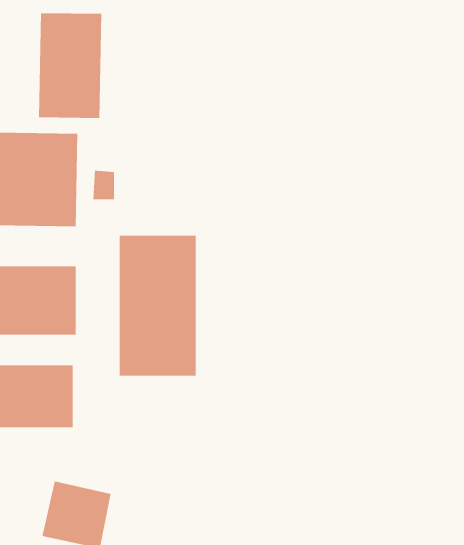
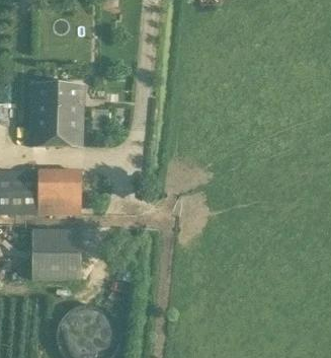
building: [38,12,102,119] -> none
building: [119,235,196,376] -> none

